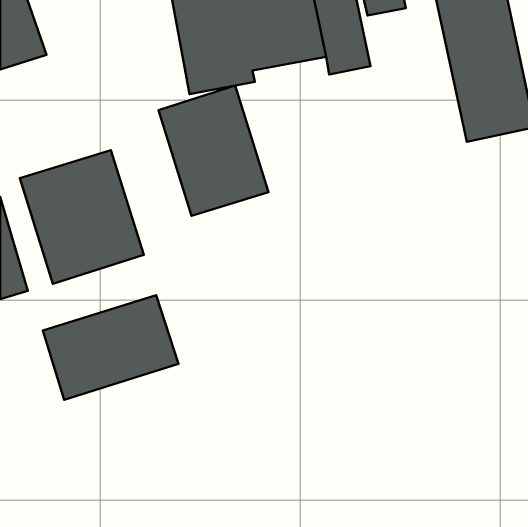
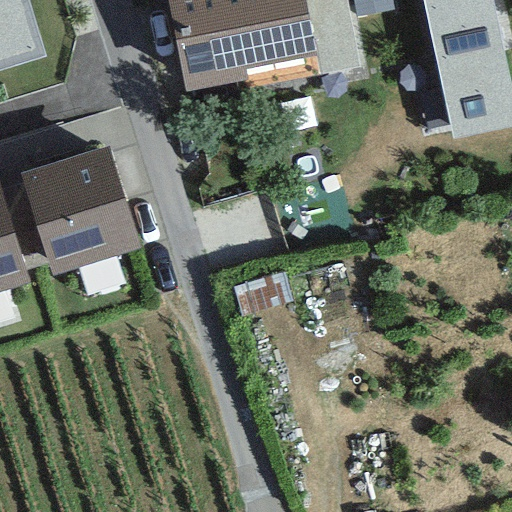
building: [159,85,269,216] -> none
building: [43,295,179,400] -> none

